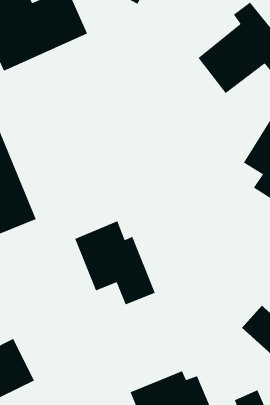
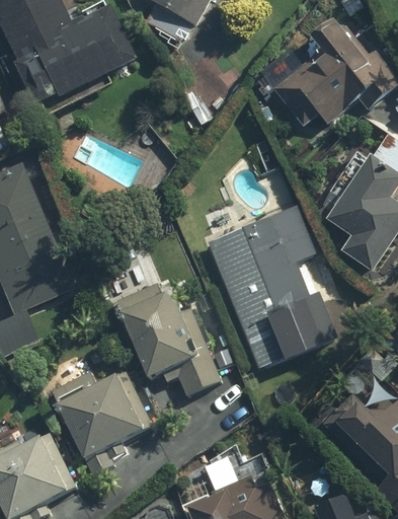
building: none -> [205,214,325,368]
building: none -> [61,370,151,455]

